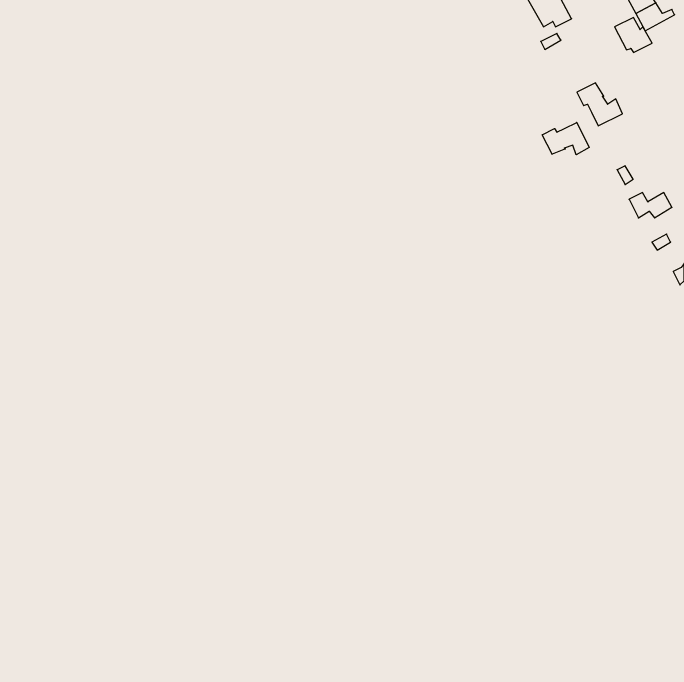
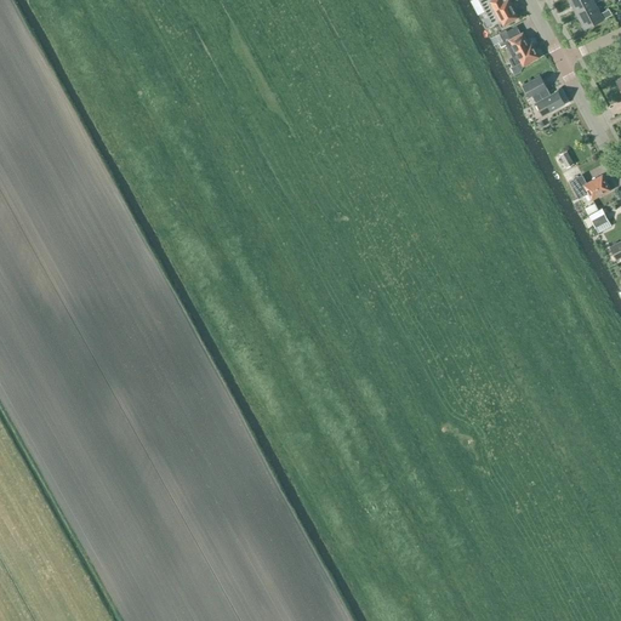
building: [615,18,652,52] -> [506,33,540,64]
building: [542,122,589,155] -> none

